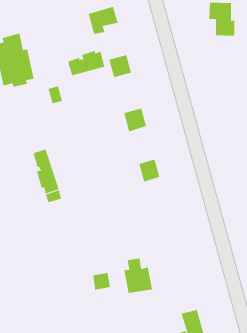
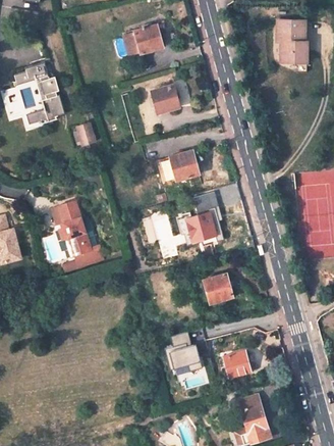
building: [68,50,105,76] -> none
building: none -> [205,275,232,302]
building: none -> [224,349,253,376]
building: [93,272,111,291] -> none

